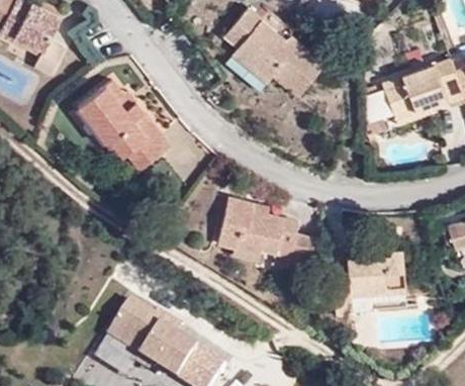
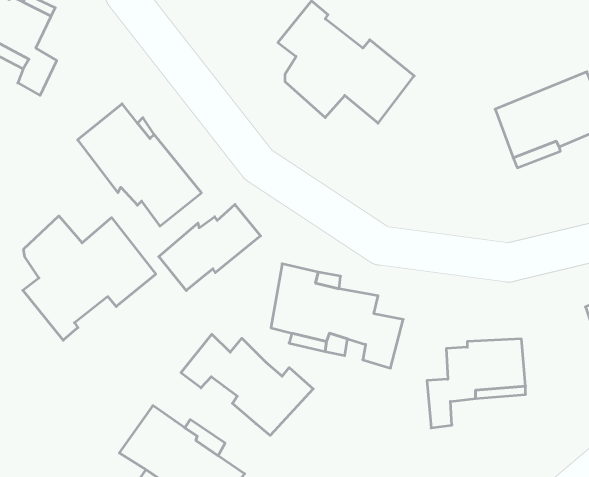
building: none -> [159,204,261,291]
building: none -> [23,216,156,340]
building: none -> [181,334,313,435]

